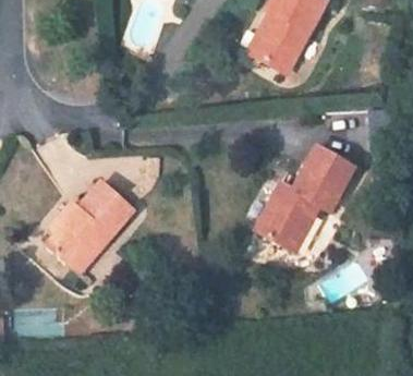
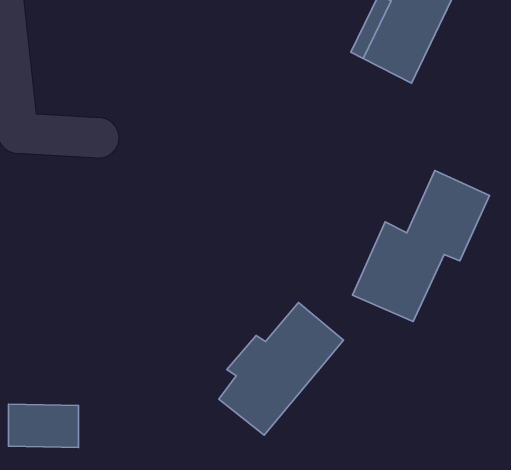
building: [46,179,133,271] -> [219,303,343,435]

